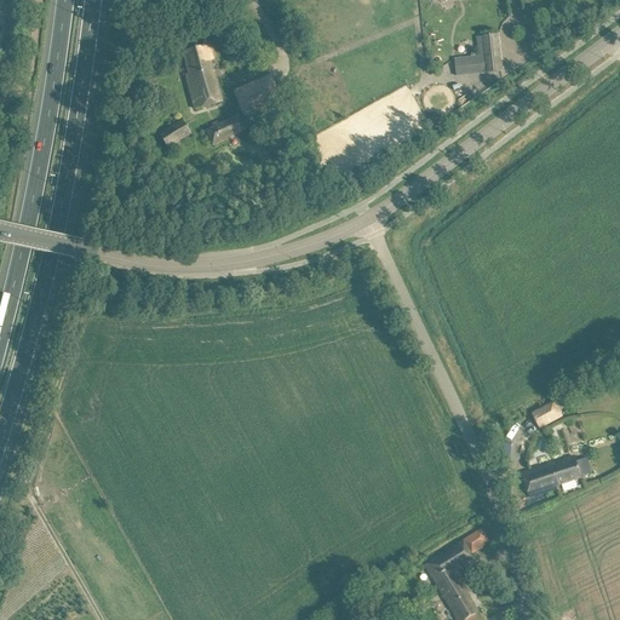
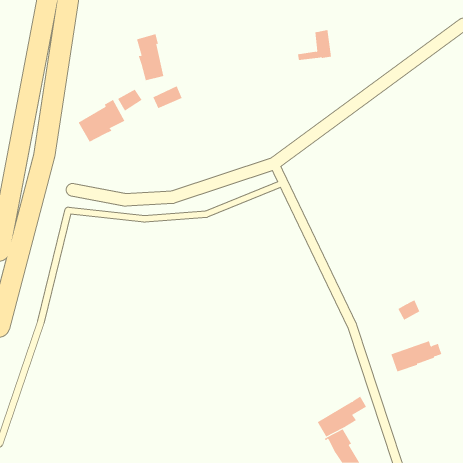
building: [454,34,500,75] -> [297,30,332,60]
building: [234,75,279,115] -> none
building: none -> [78,99,125,142]

